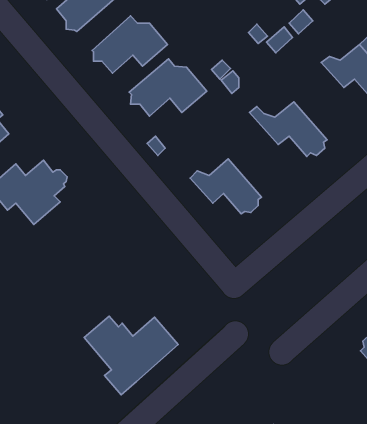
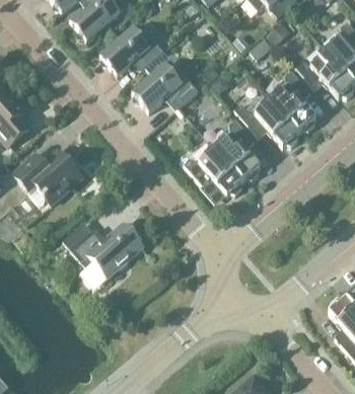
building: none -> [272,70,316,132]
building: none -> [216,119,261,180]
building: [84,316,178,395] -> [63,222,143,289]

